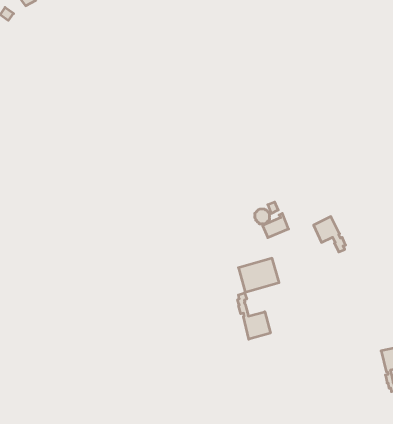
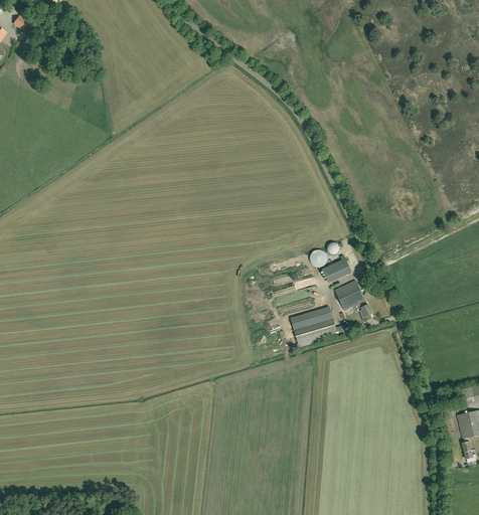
building: [314,217,346,252] -> [335,279,372,320]
building: [238,293,270,339] -> none

